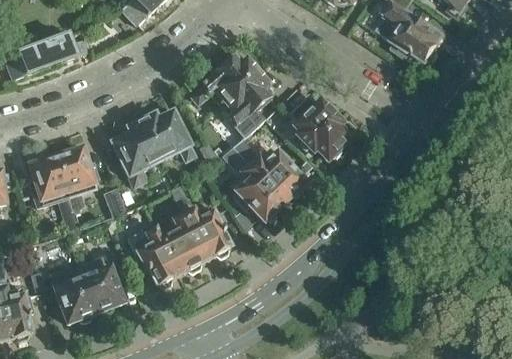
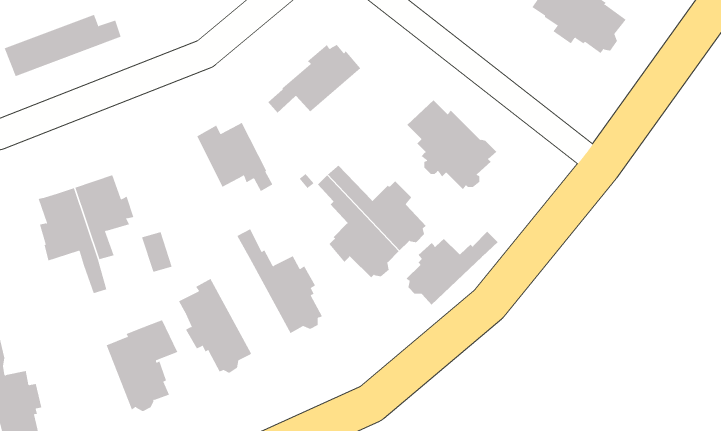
building: [221,71,272,136] -> none
building: [111,119,159,185] -> none
building: none -> [406,231,498,305]
building: [151,205,207,272] -> none
building: [49,266,95,322] -> none

